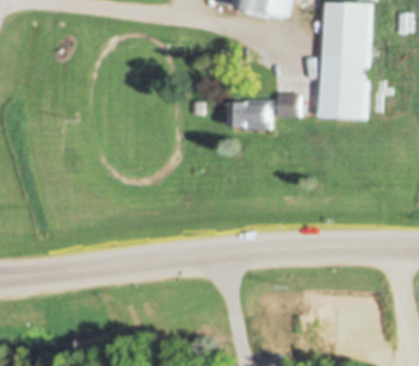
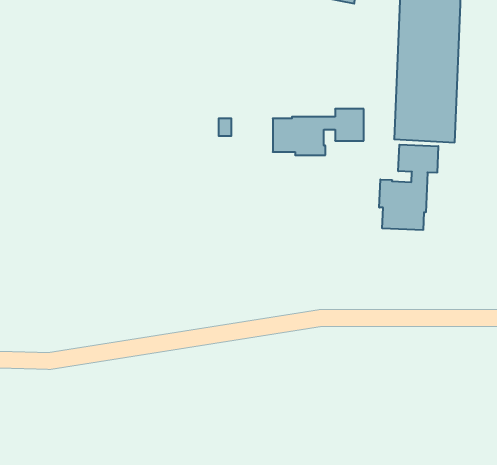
building: none -> [379,145,438,230]

